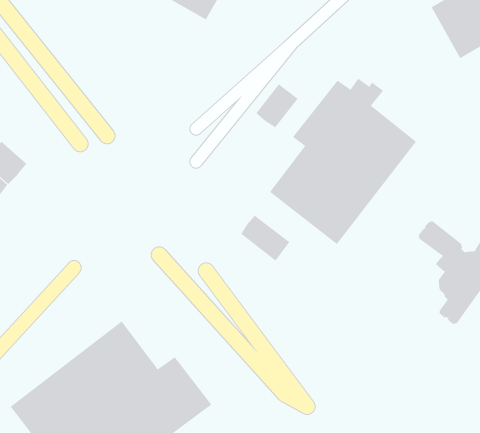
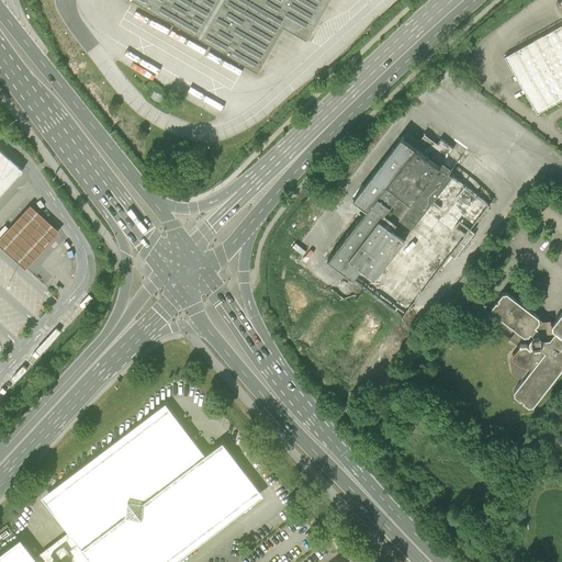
building: [256,84,298,128] -> none
building: [240,215,290,261] -> none

